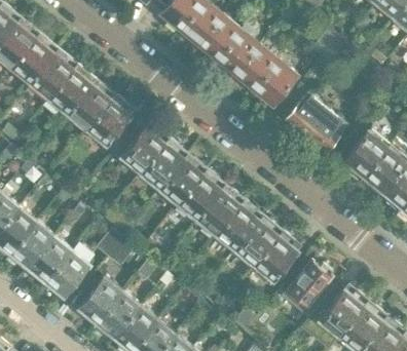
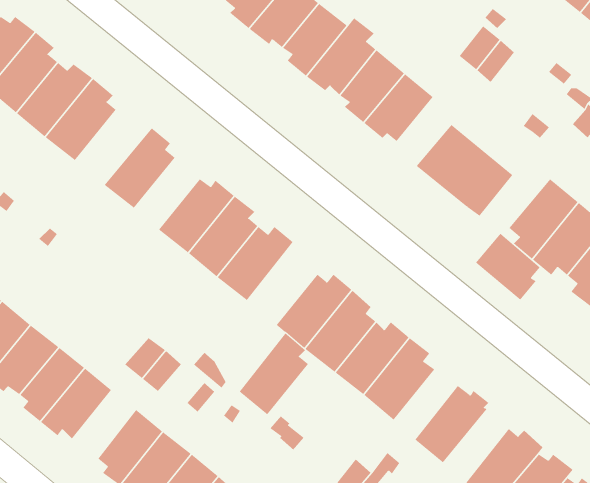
building: [66,83,115,131] -> none
building: none -> [475,233,541,300]
building: [177,168,222,222] -> [239,332,309,415]

